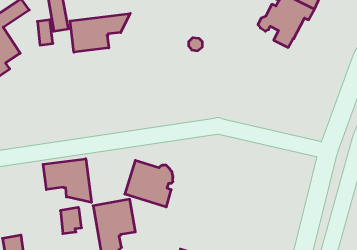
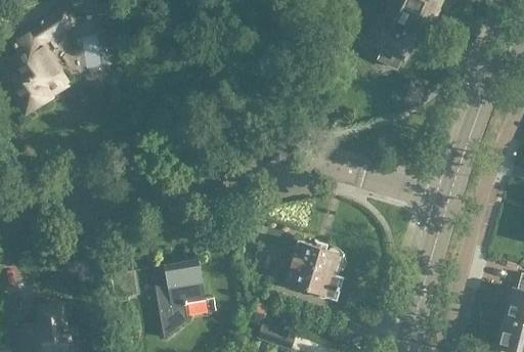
building: [70,13,130,52] -> none
building: [43,159,91,202] -> none
building: [125,160,173,207] -> [286,243,346,301]

